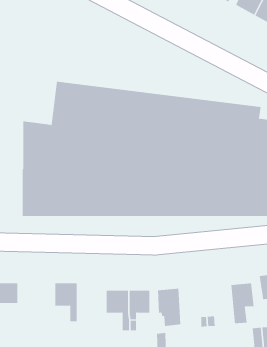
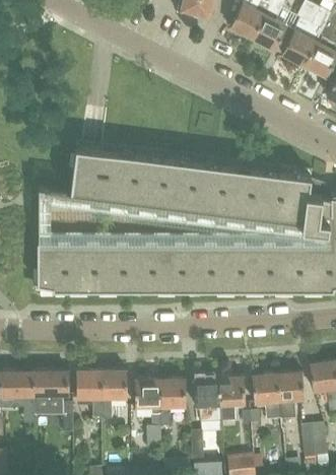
building: none -> [33,371,73,431]
building: none -> [102,371,127,416]
building: none -> [252,374,281,419]
building: none -> [218,377,245,419]

